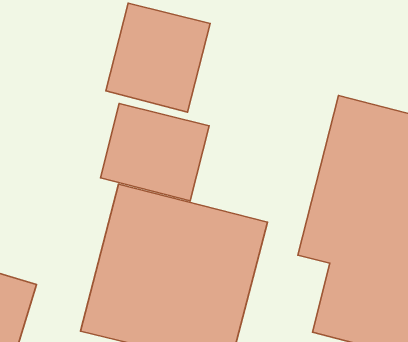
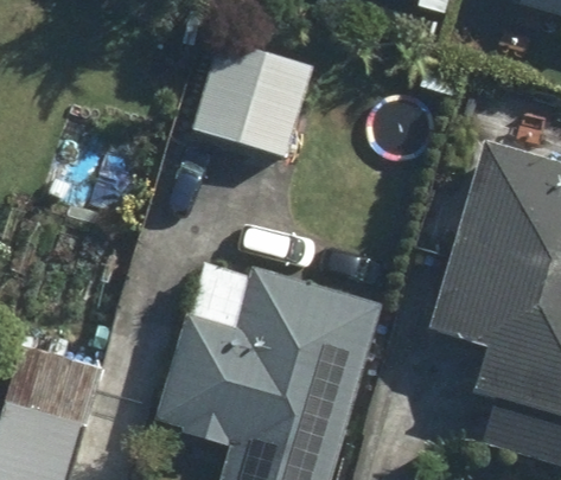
building: [101,104,209,201] -> none

